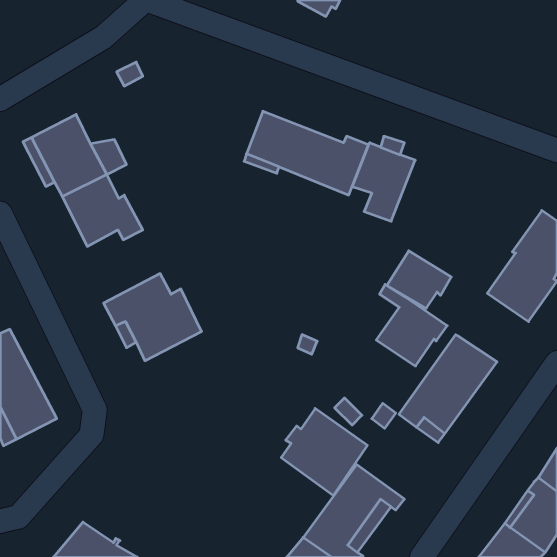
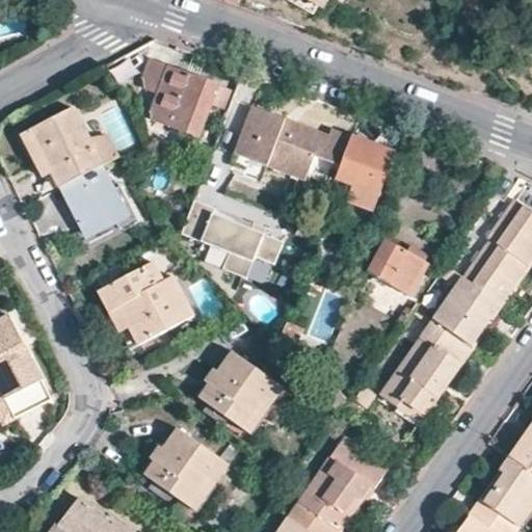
building: none -> [141,59,229,136]
building: none -> [180,201,282,280]
building: [376,284,447,366] -> [436,267,504,345]
building: [281,408,367,496] -> [201,351,283,434]
building: none -> [144,428,229,511]

